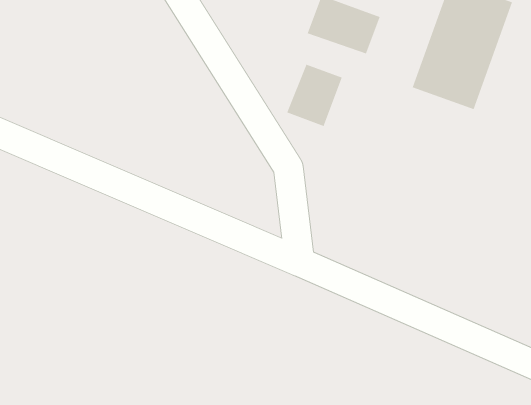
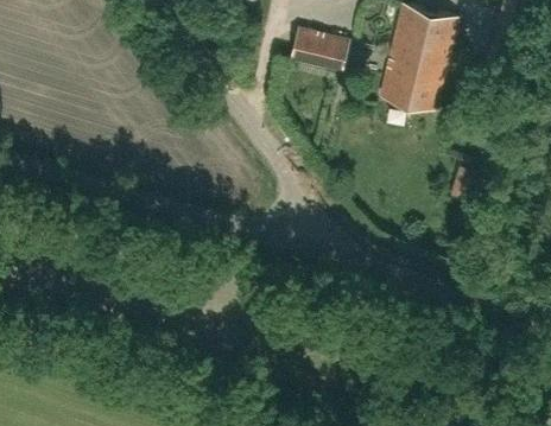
building: [286,64,342,127] -> none

